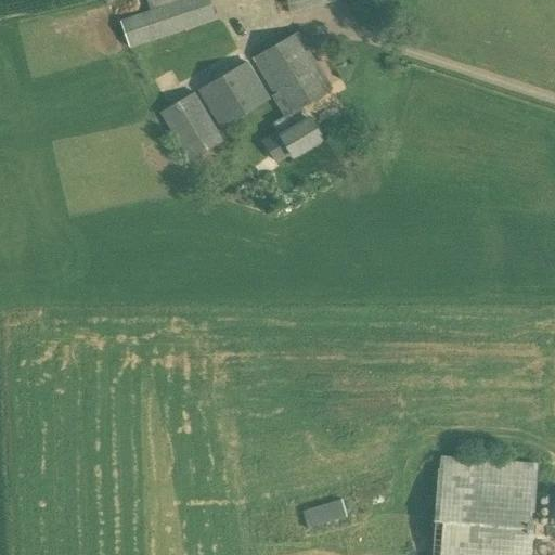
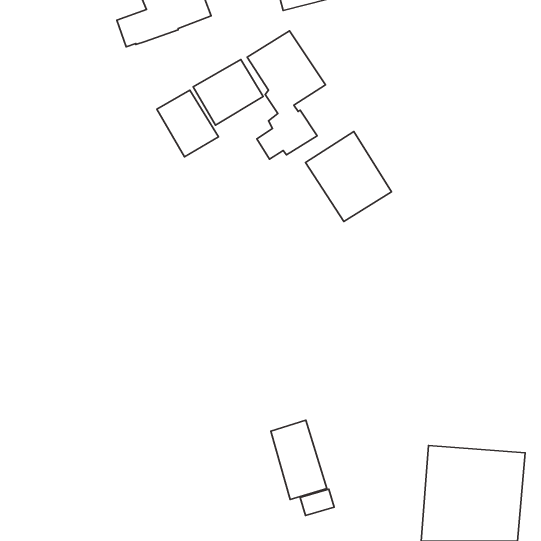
building: none -> [305,131,391,221]
building: none -> [271,420,327,499]

